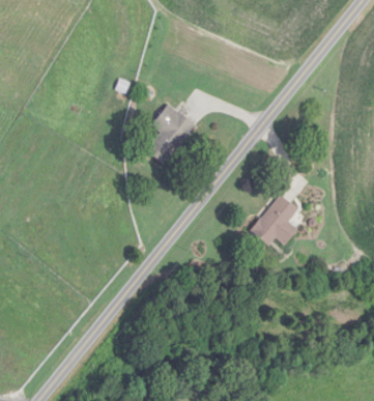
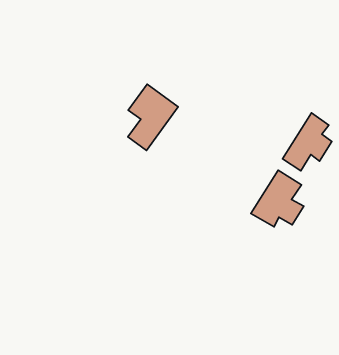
building: none -> [283,113,332,171]

